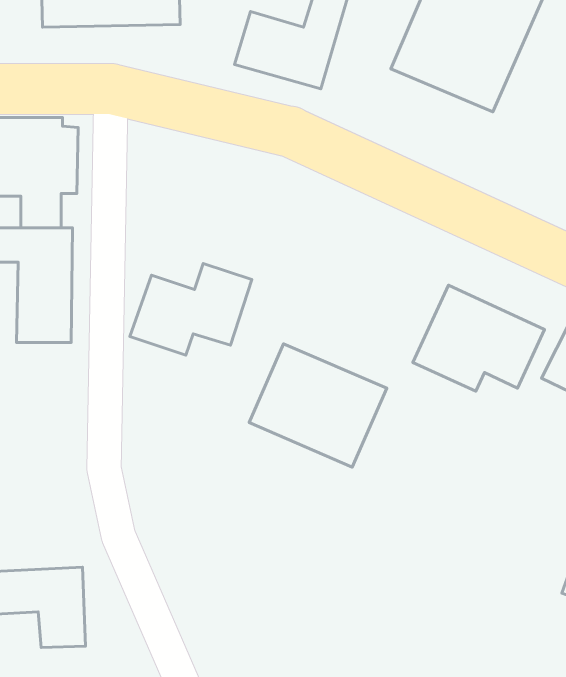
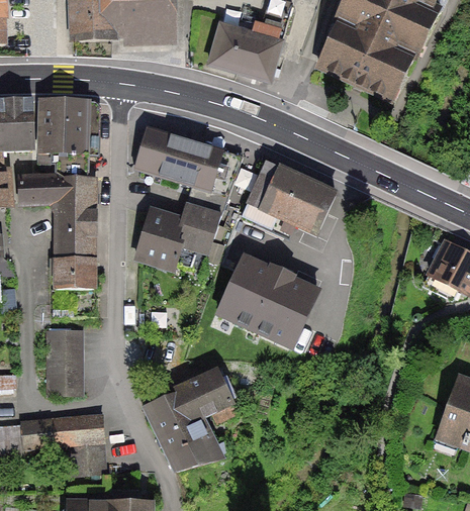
building: none -> [133,125,240,213]
building: [413,285,545,391] -> [242,161,335,235]
building: none -> [50,258,93,288]
building: none -> [48,327,82,394]
building: none -> [145,370,231,470]

